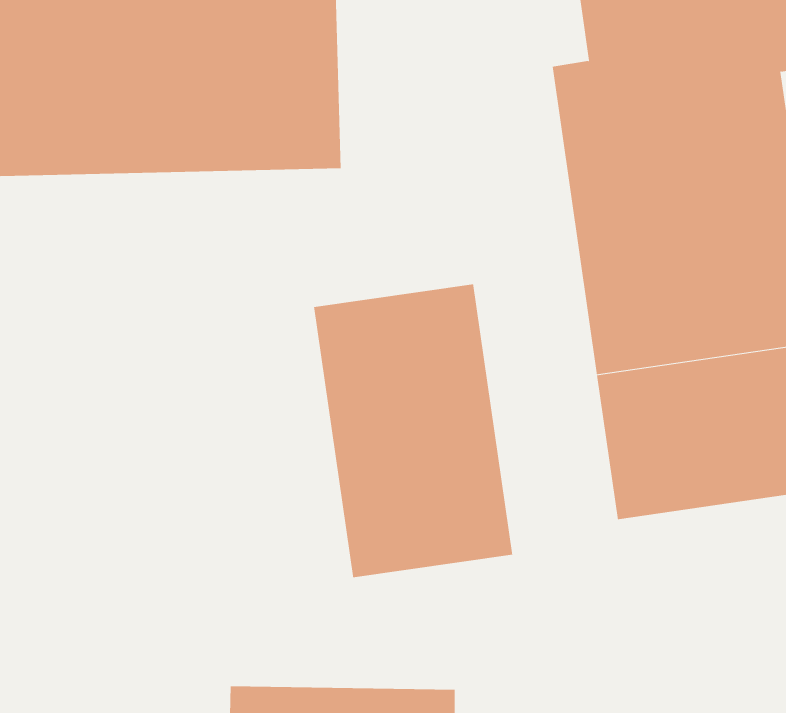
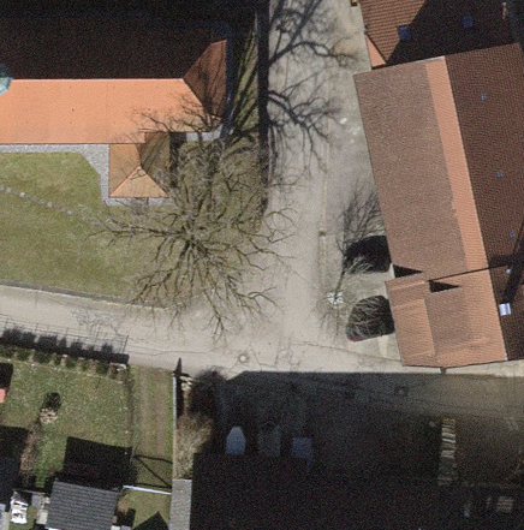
building: [313,284,513,578] -> none

